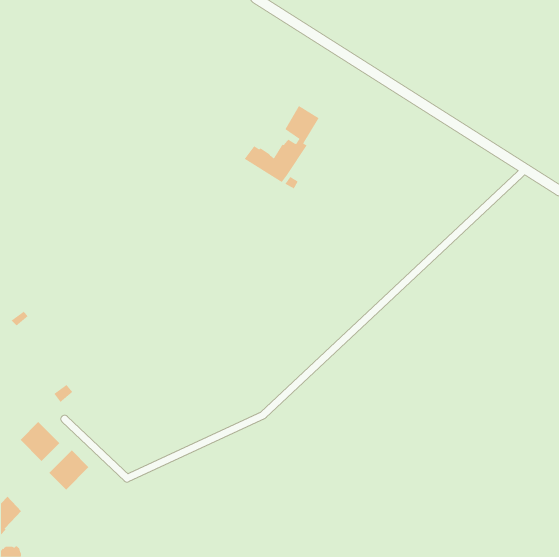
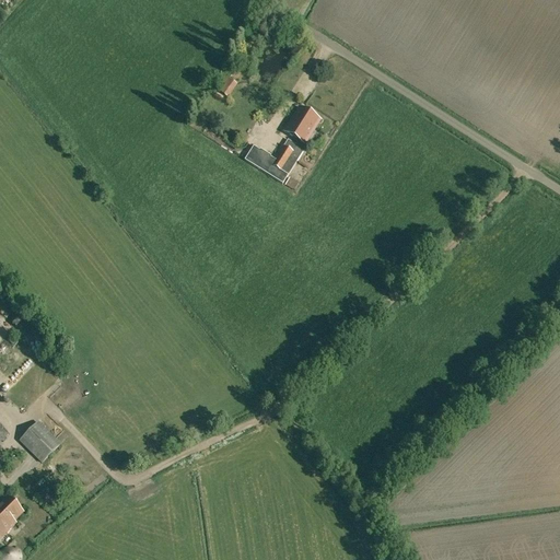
building: [49,450,89,490] -> none

